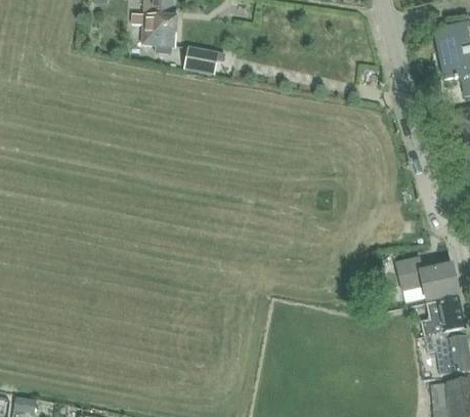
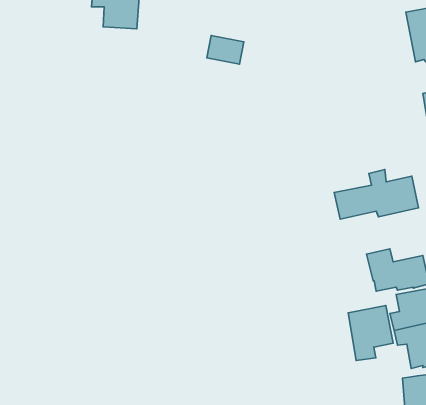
building: [183,47,219,75] -> [207,36,244,64]
building: none -> [334,170,419,219]
building: none -> [348,306,393,361]

